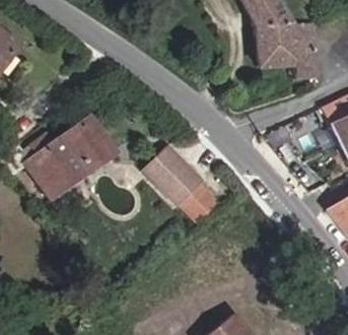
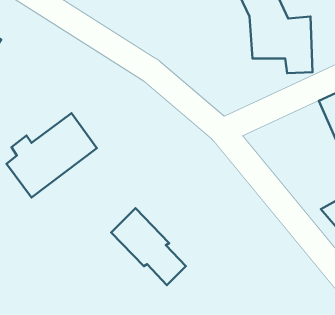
building: [142,143,214,217] -> [111,208,186,285]

